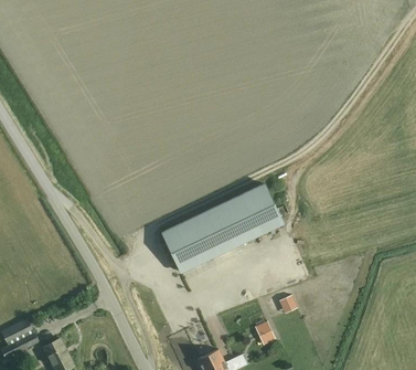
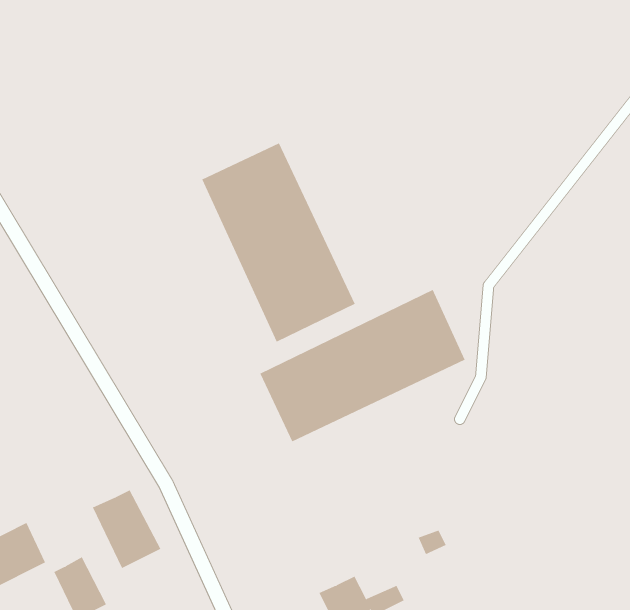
building: none -> [202,142,355,342]
building: none -> [92,490,161,569]

